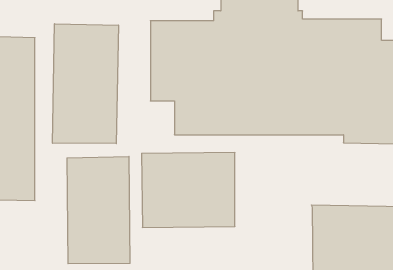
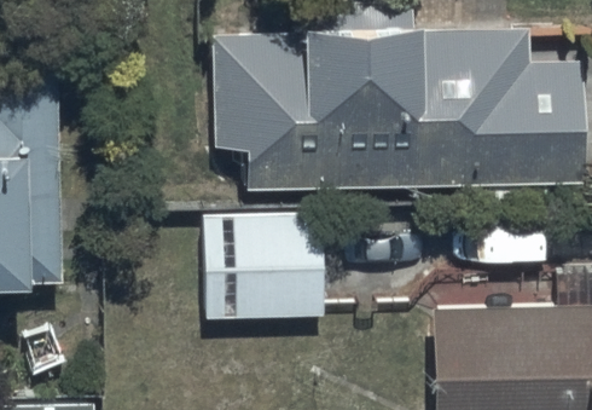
building: [53,24,118,144] -> none
building: [67,156,130,264] -> none

